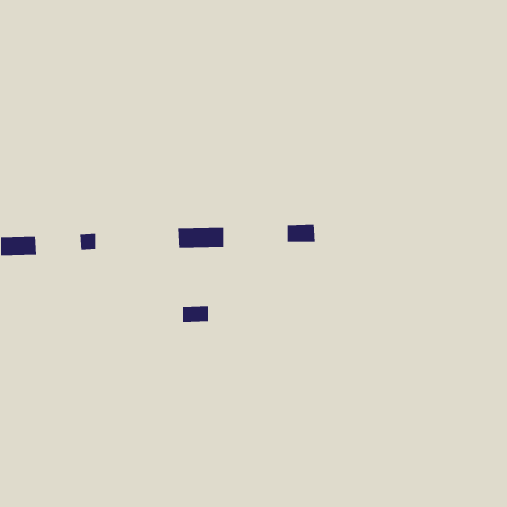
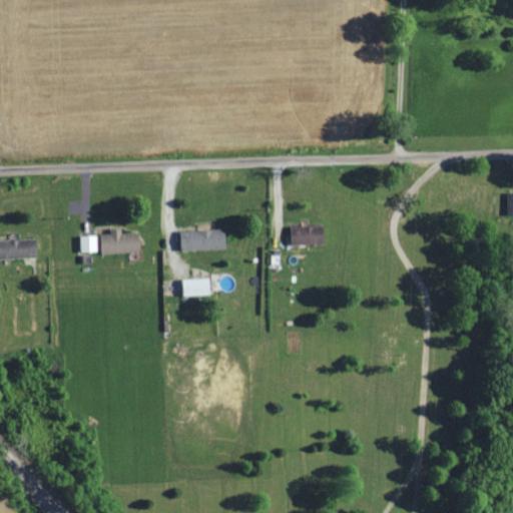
building: none -> [101,228,139,253]
building: [182,306,209,323] -> [183,279,210,296]

